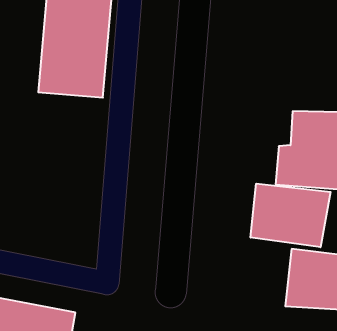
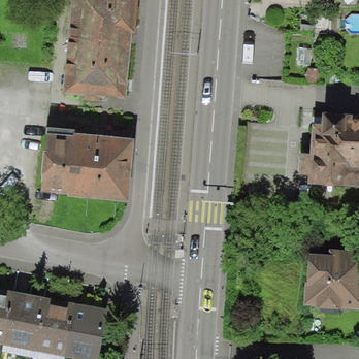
building: none -> [42,128,133,197]
building: [251,184,331,247] -> none

